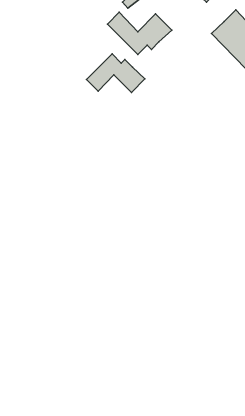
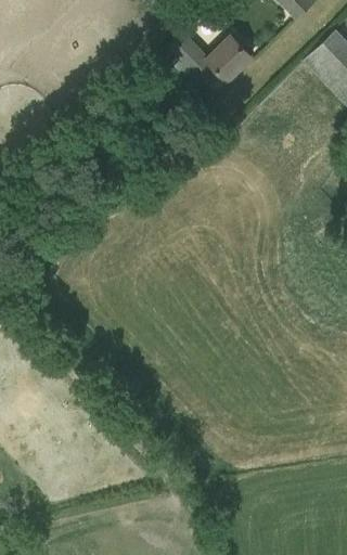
building: [86,54,145,92] -> none

